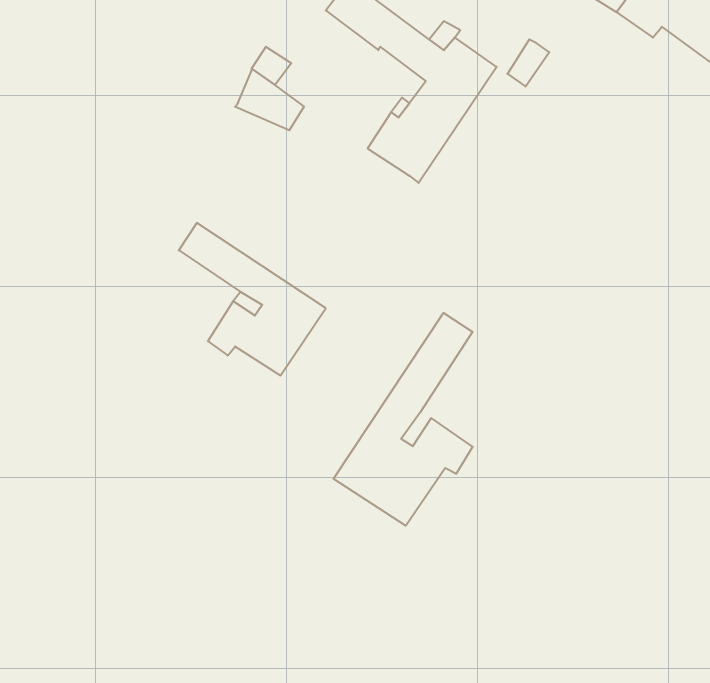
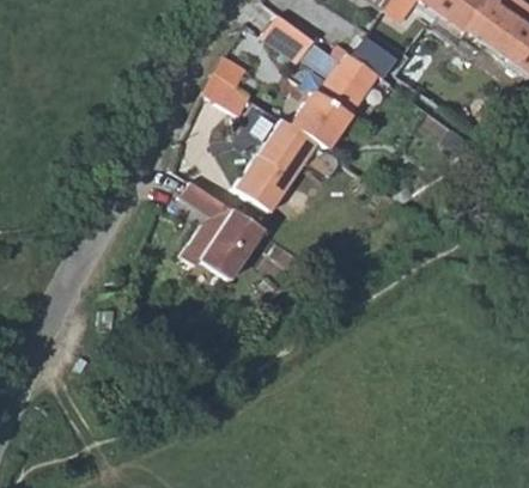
building: none -> [235,118,318,212]
building: [334,313,473,526] -> none

